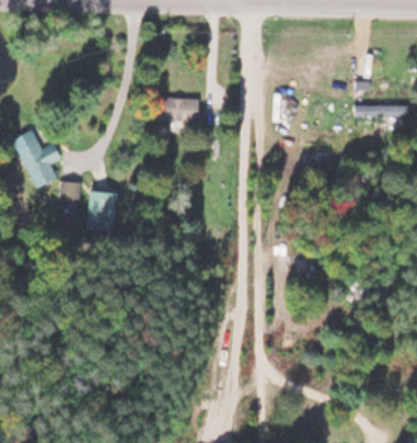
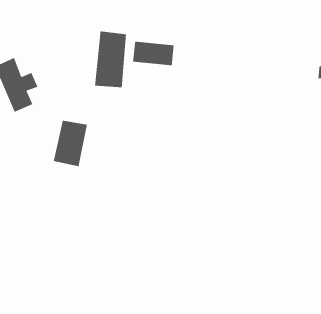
building: none -> [94,30,127,88]
building: [60,181,82,209] -> none

